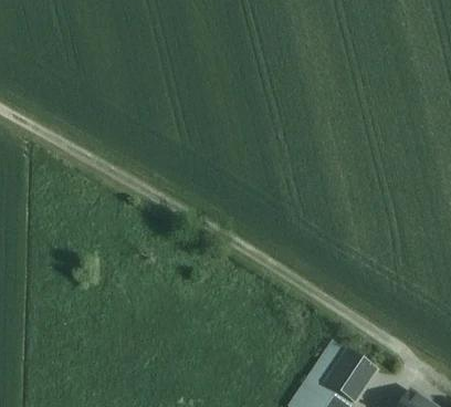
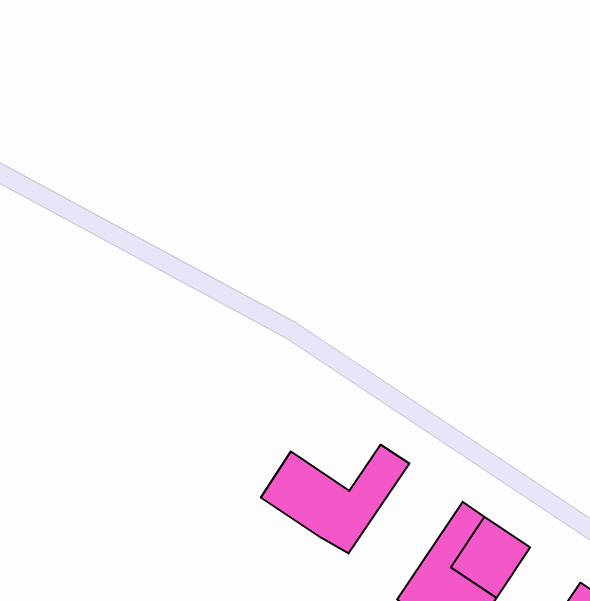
building: none -> [261,445,409,554]

